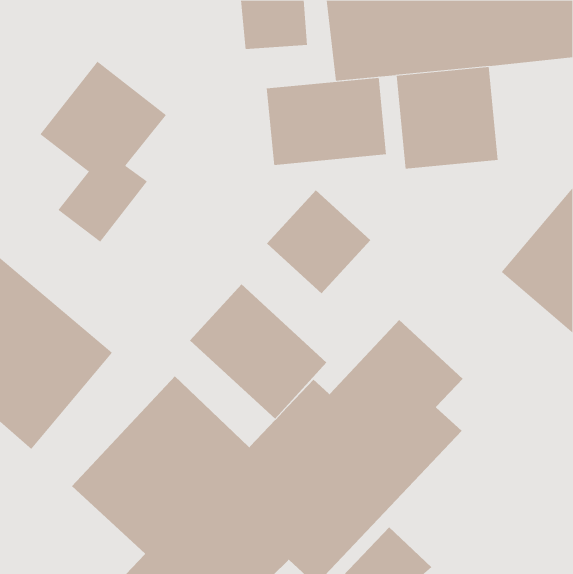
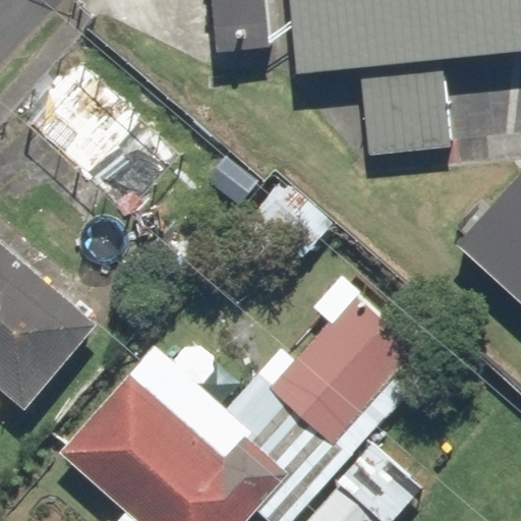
building: [266,77,387,166] -> none
building: [189,284,327,419] -> none

